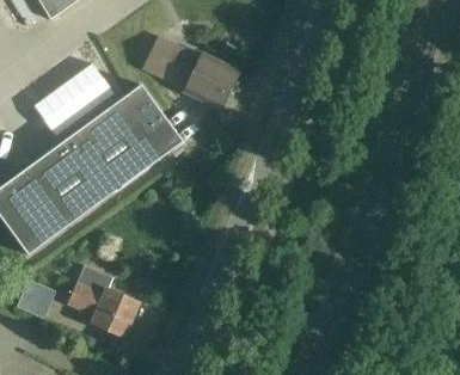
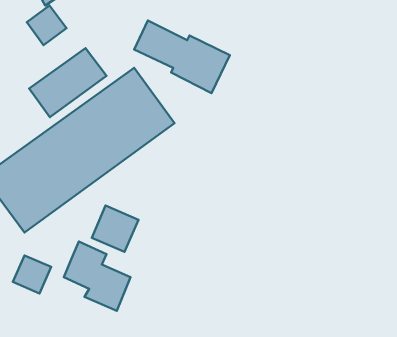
building: none -> [27,5,66,45]
building: none -> [92,206,138,252]

